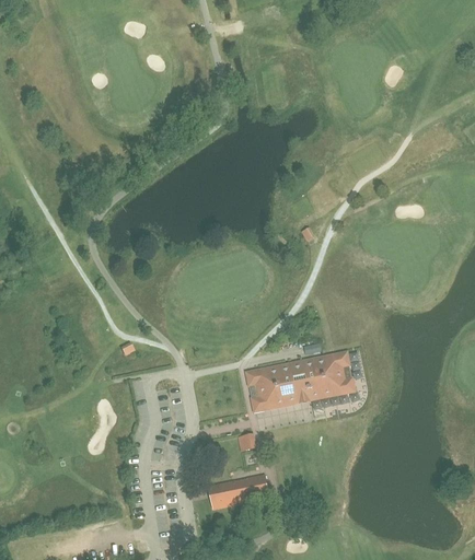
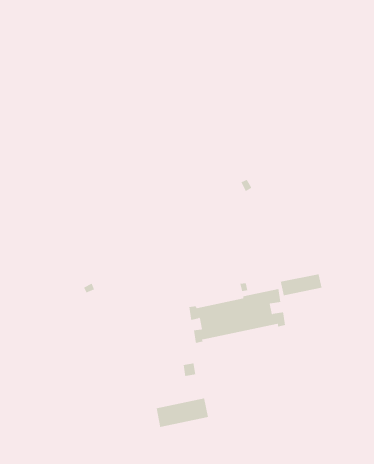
building: none -> [280,273,322,296]

